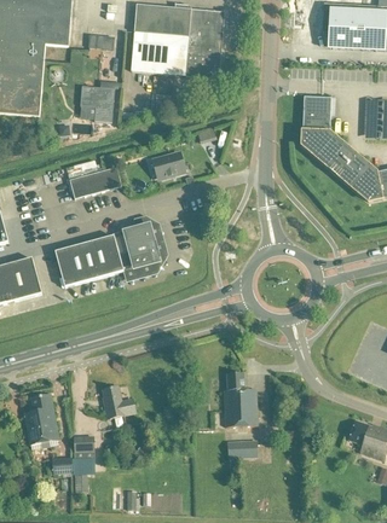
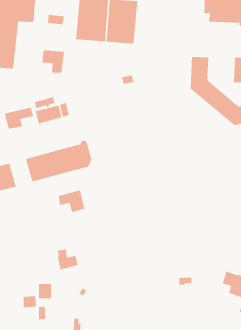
building: [152,151,184,176] -> none
building: none -> [4,107,34,130]
building: none -> [58,190,85,213]
building: [225,372,256,422] -> none
building: [24,391,58,446] -> none
building: [226,437,256,457] -> none

